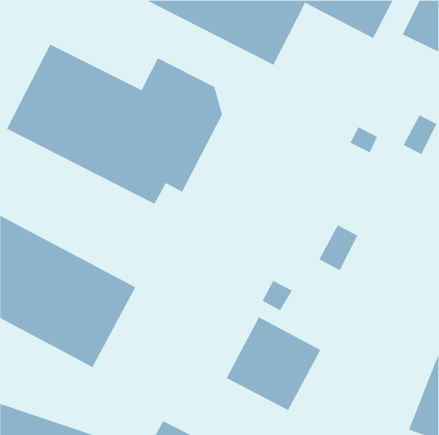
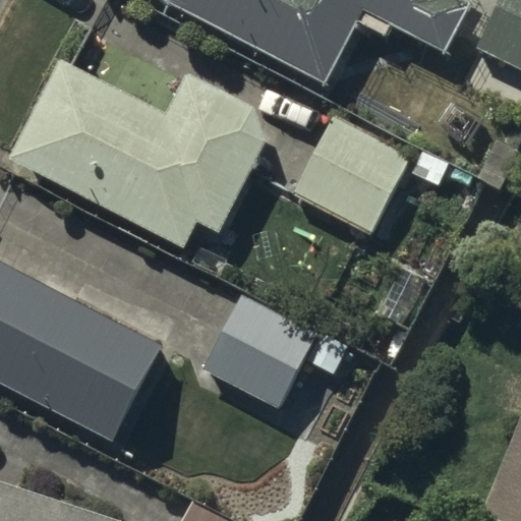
building: none -> [294,116,412,234]
building: [226,316,321,411] -> [202,296,315,408]

